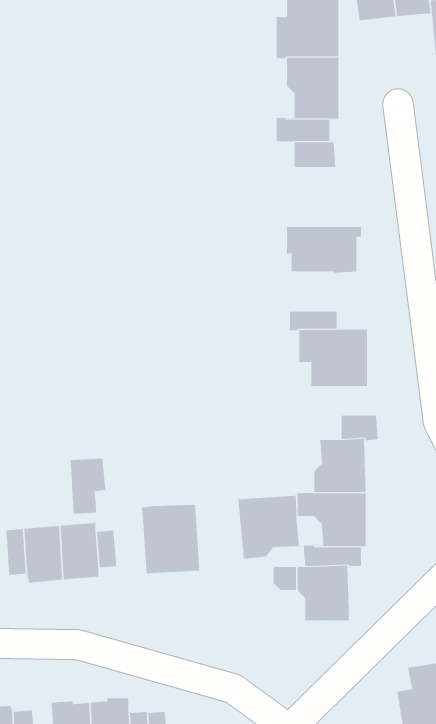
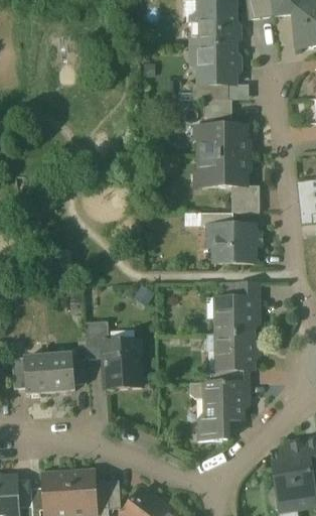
building: none -> [199,125,250,155]
building: none -> [231,184,260,212]
building: [70,458,106,514] -> [86,320,110,358]
building: [238,495,299,559] -> none
building: none -> [198,417,222,439]

